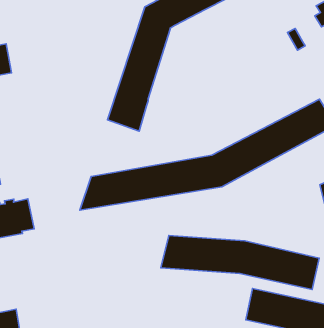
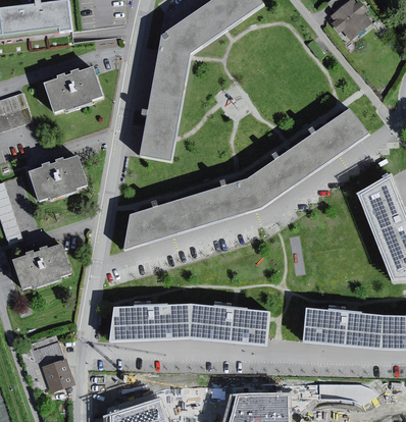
building: none -> [43,67,103,112]
building: none -> [35,157,94,203]
building: [161,235,319,290] -> [108,303,267,344]

